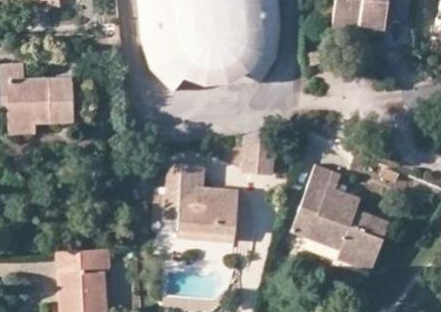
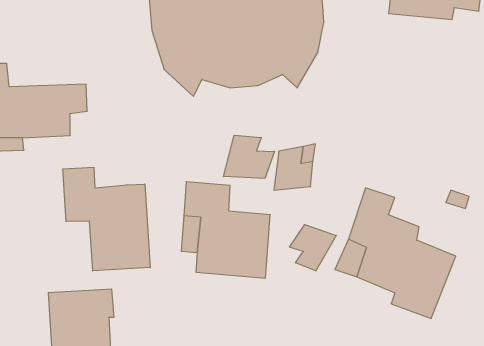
building: none -> [223,135,275,178]
building: none -> [63,167,150,271]
building: none -> [289,225,336,271]

